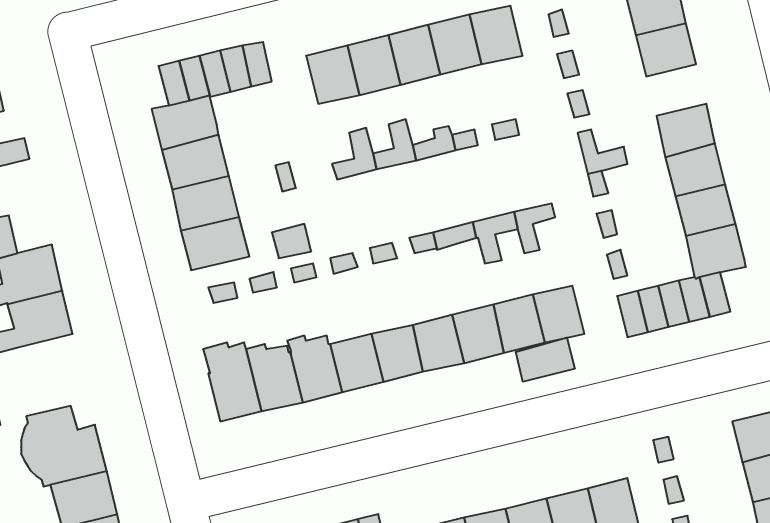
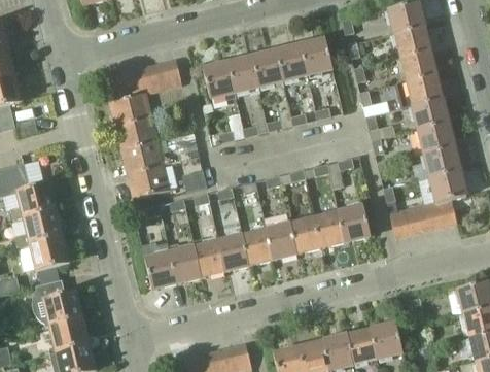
building: none -> [397,74,443,107]
building: none -> [30,236,69,271]
building: [516,338,575,382] -> none

